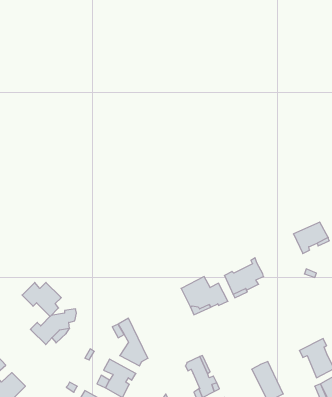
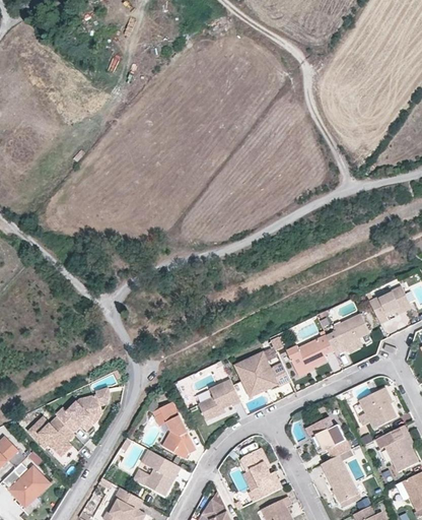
building: none -> [325,314,368,349]
building: [22,282,61,316] -> [27,416,74,457]
building: none -> [198,380,240,421]
building: none -> [358,388,396,430]
building: none -> [303,415,348,457]

